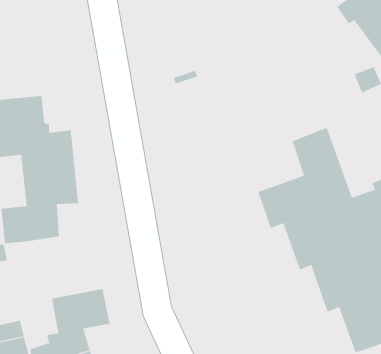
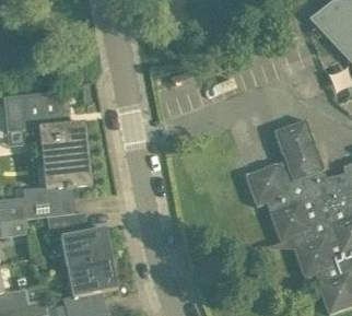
building: none -> [46,212,110,266]

